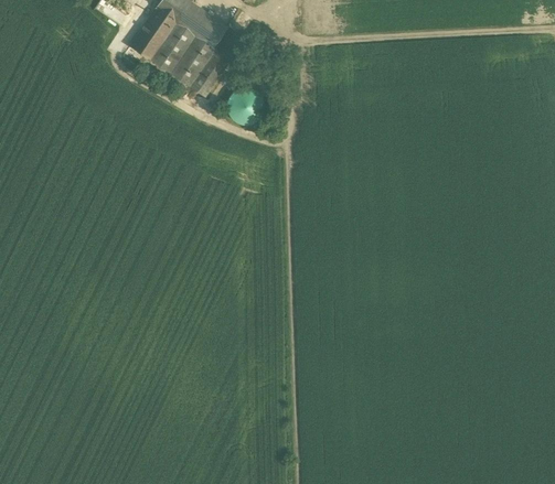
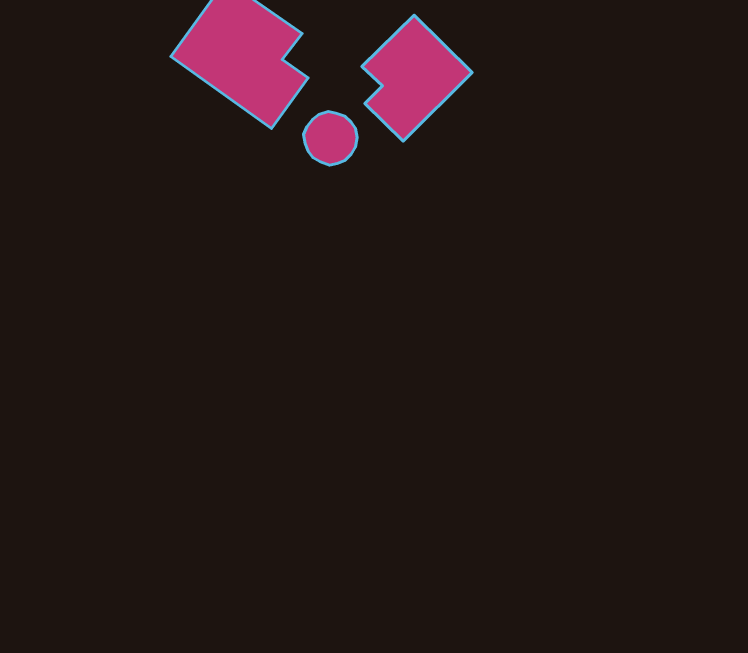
building: none -> [362,15,472,141]

